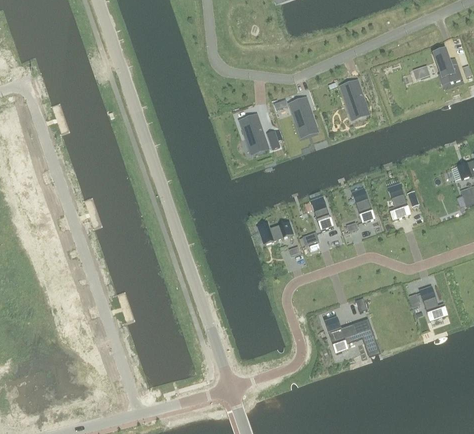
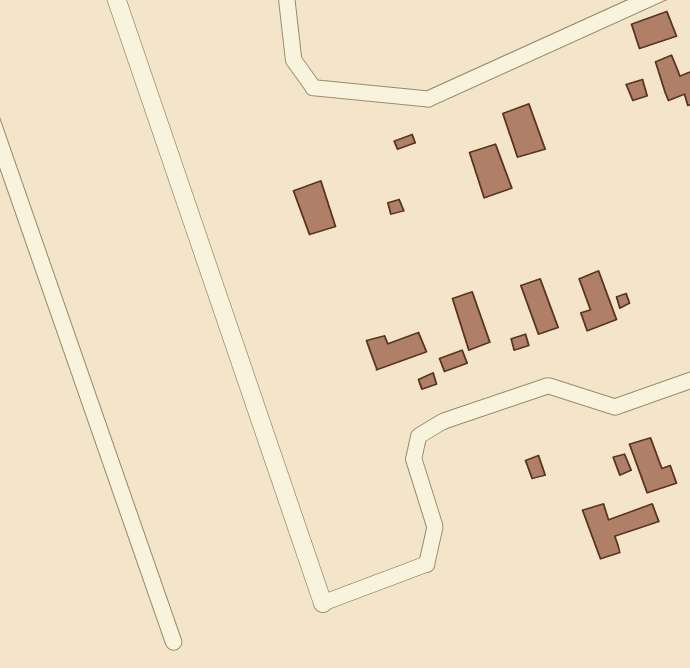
building: none -> [632,11,677,49]
building: [289,98,315,131] -> [470,144,512,198]
building: [239,115,265,148] -> [293,181,336,234]
building: [324,318,371,352] -> [583,504,659,559]

